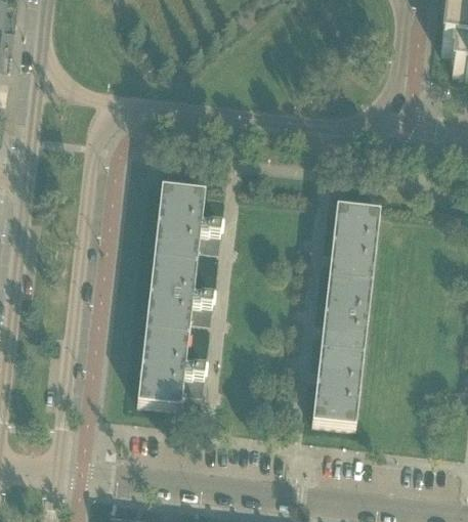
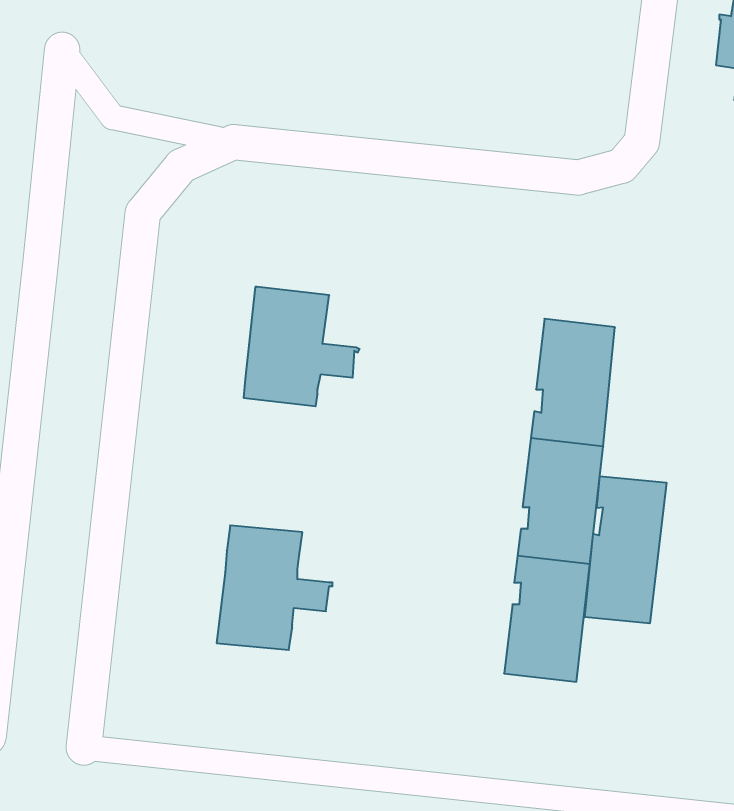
building: [145,251,216,333] -> none
building: none -> [585,476,666,623]

